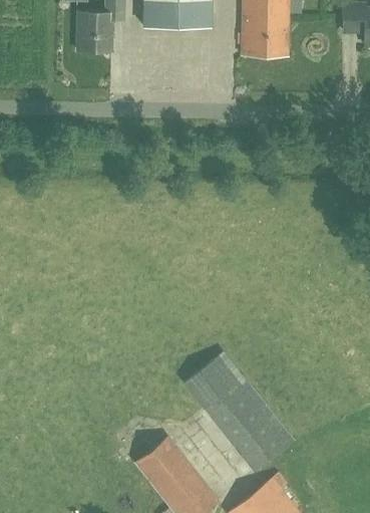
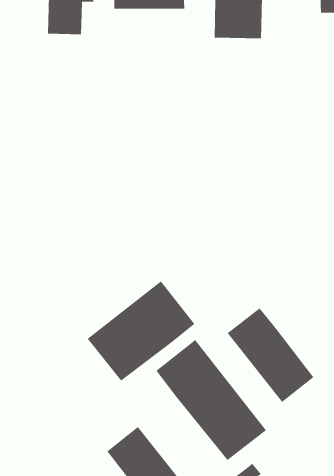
building: none -> [87,280,195,381]
building: none -> [227,307,314,403]

